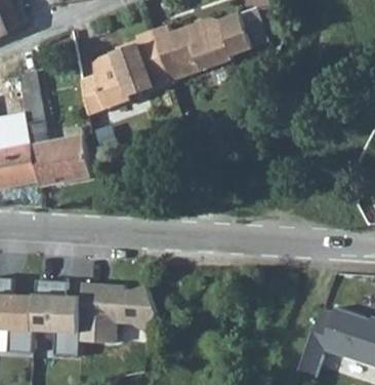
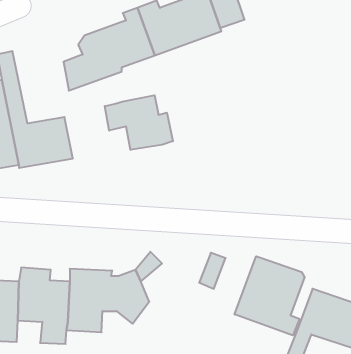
building: none -> [105,95,173,150]
building: none -> [235,256,305,335]

